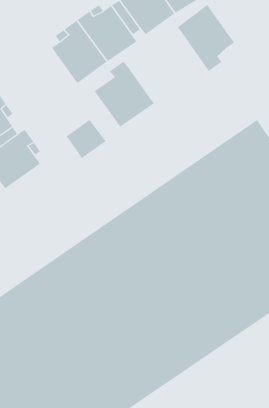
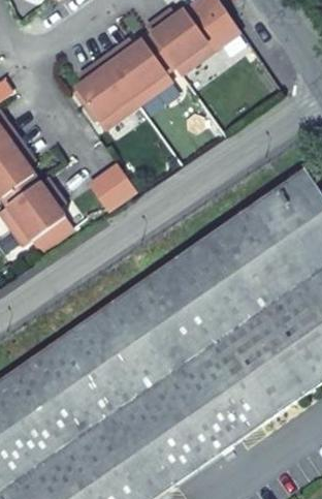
building: [177,4,235,72] -> none
building: [94,61,155,128] -> none

